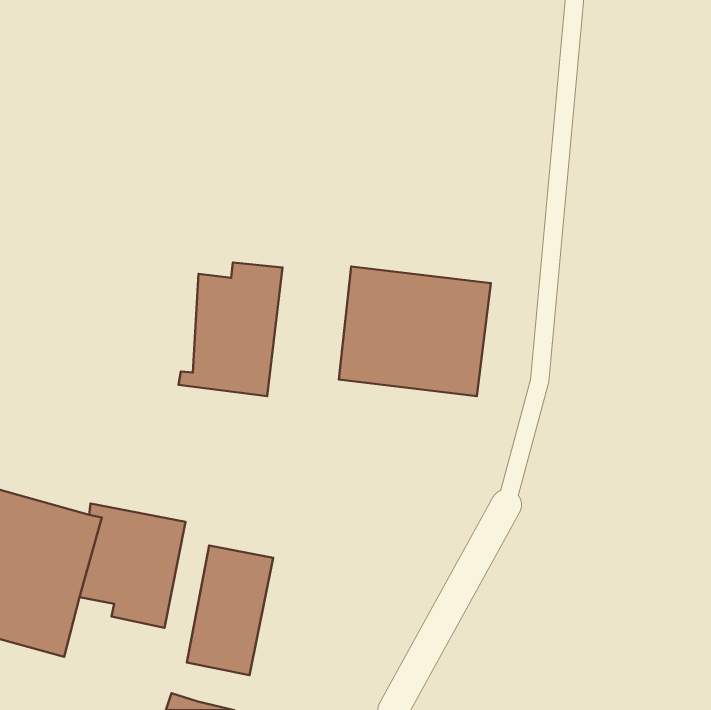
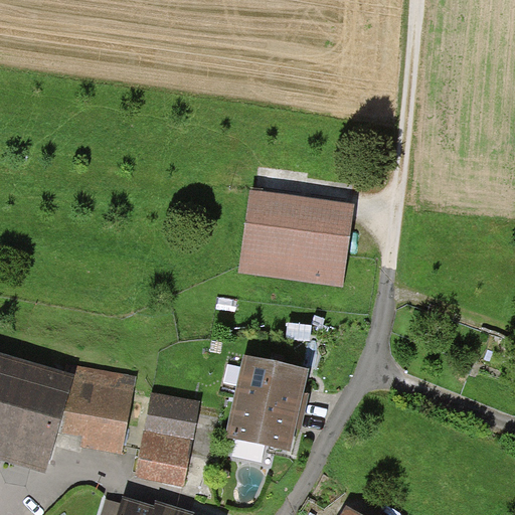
building: [179,262,283,396] -> none
building: none -> [225,353,311,451]

